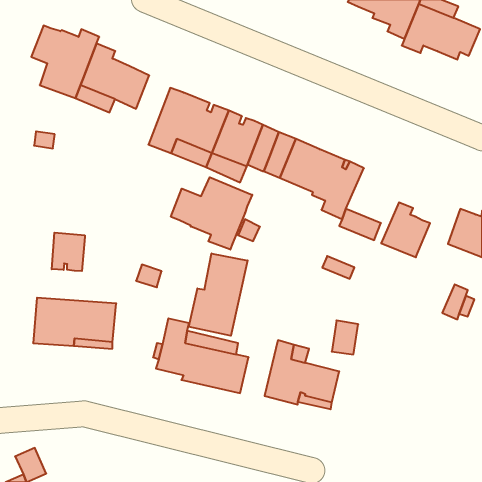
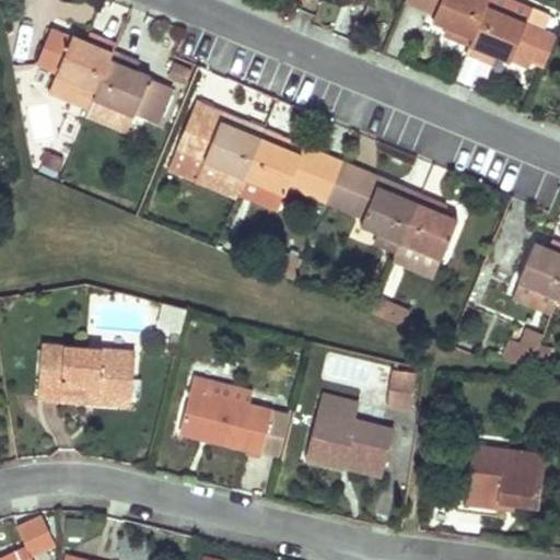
building: [171,177,252,250] -> none
building: [381,202,430,257] -> [400,195,457,258]
building: [52,233,85,271] -> none
building: [189,253,248,336] -> none
building: none -> [466,447,545,508]

